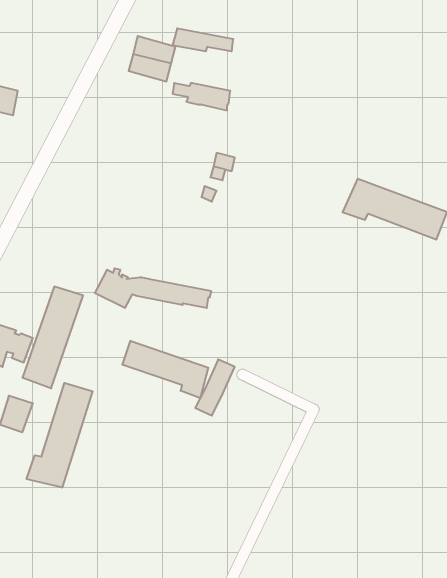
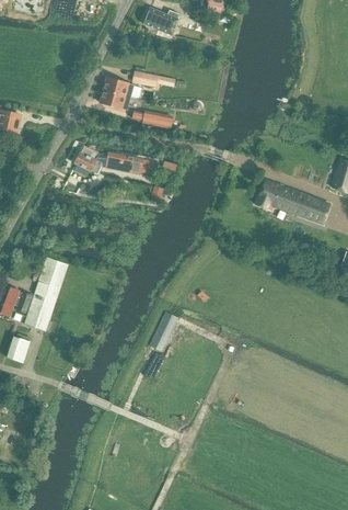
building: [95,268,211,308] -> [74,146,159,174]
building: [123,341,208,398] -> none
building: [27,383,93,488] -> none

